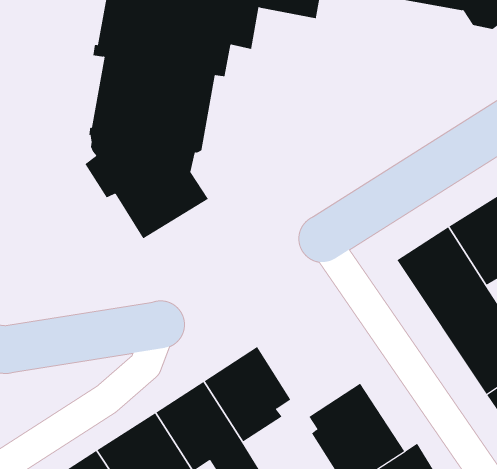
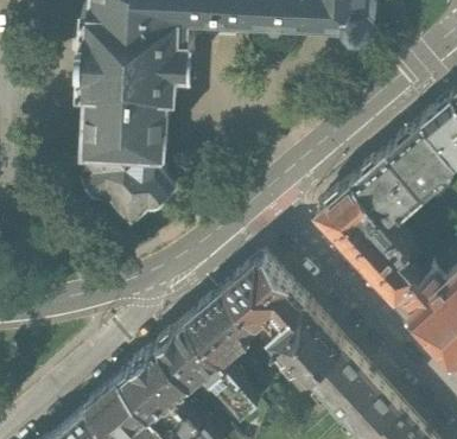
building: none -> [224,260,303,332]

